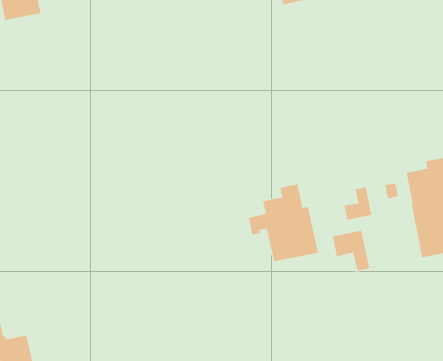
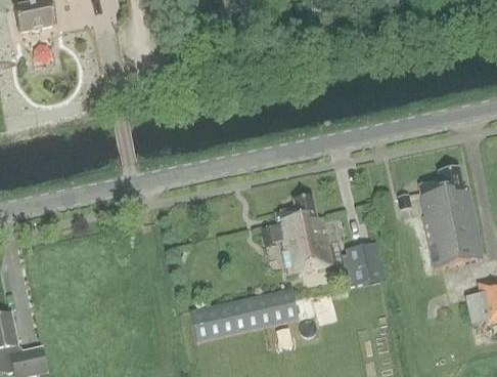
building: [344,187,372,221] -> none
building: none -> [189,287,299,341]

